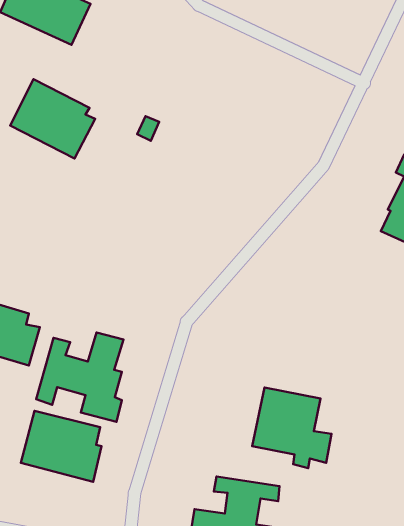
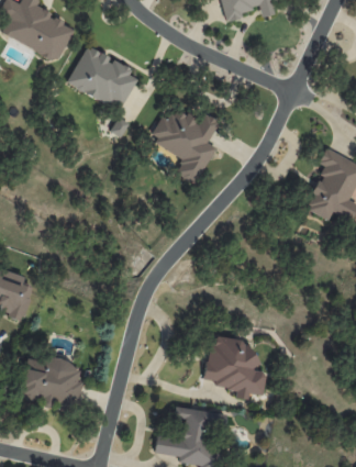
building: [10,79,95,158] -> [68,46,136,110]
building: none -> [149,109,219,184]
building: [36,333,123,422] -> none

